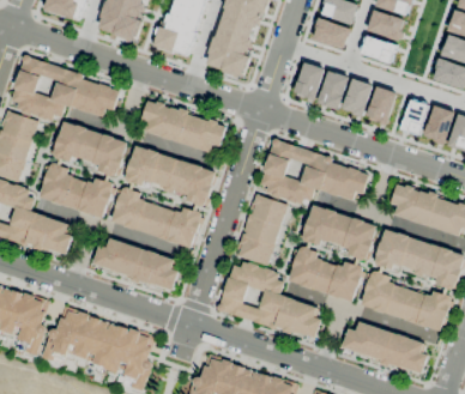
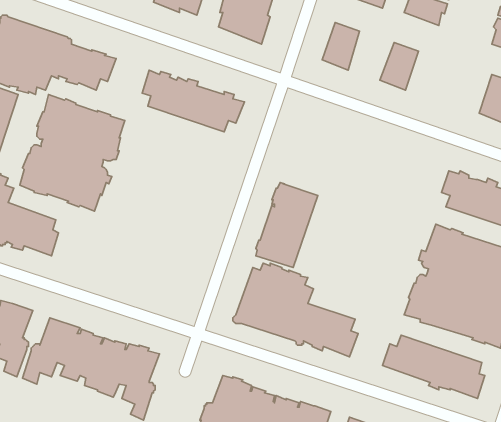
building: [315,71,348,110] -> none
building: [363,86,395,125] -> none
building: [398,99,428,134] -> none
building: [259,139,368,204] -> none
building: [110,145,216,247] -> none
building: [288,205,376,301] -> none
building: [93,238,179,290] -> none

